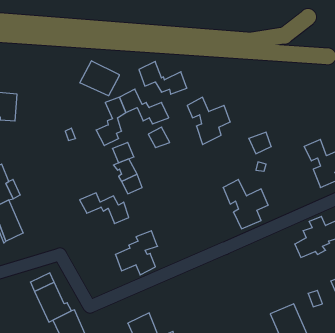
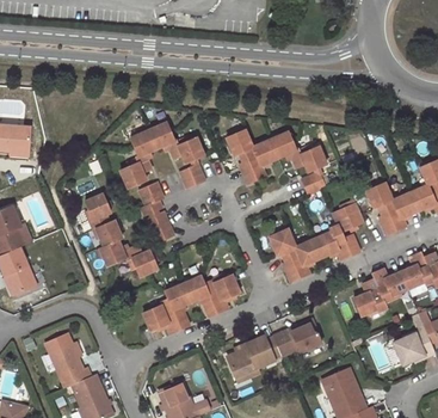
building: [80,61,119,96] -> none
building: [139,61,187,94] -> [270,129,326,167]
building: none -> [82,193,121,248]
building: none -> [313,195,363,260]
building: none -> [185,272,240,318]
building: none -> [276,319,323,357]
building: none -> [228,337,277,379]

